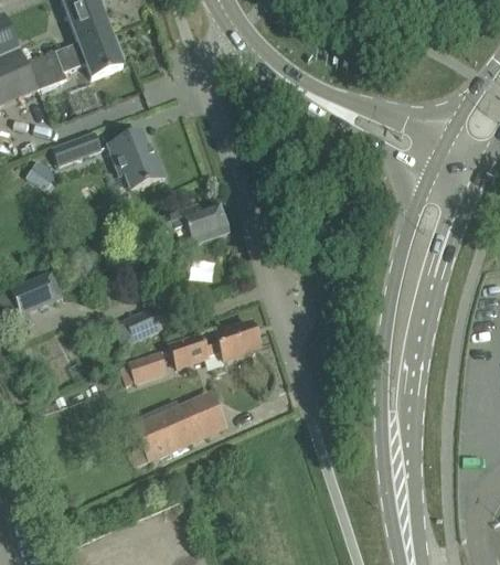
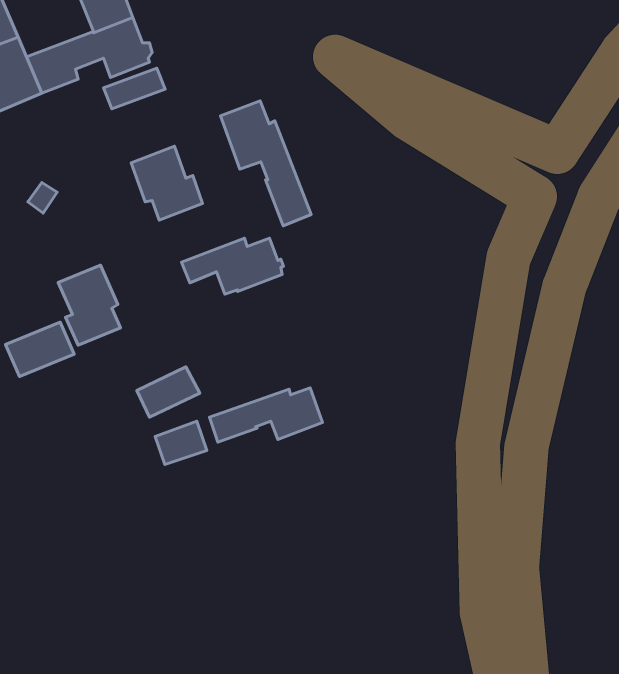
building: none -> [220,101,311,226]
building: [52,132,100,164] -> [104,68,165,109]
building: none -> [58,265,120,345]
building: [129,390,227,465] -> none

